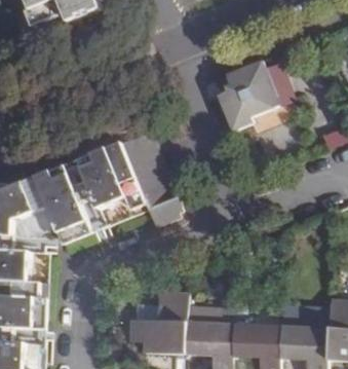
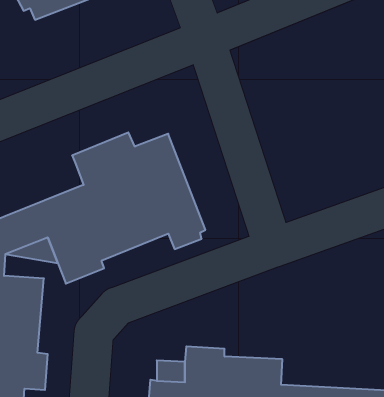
building: [216,61,278,132] -> none

